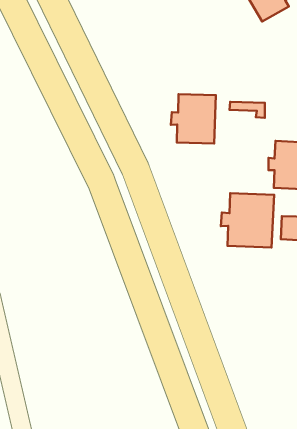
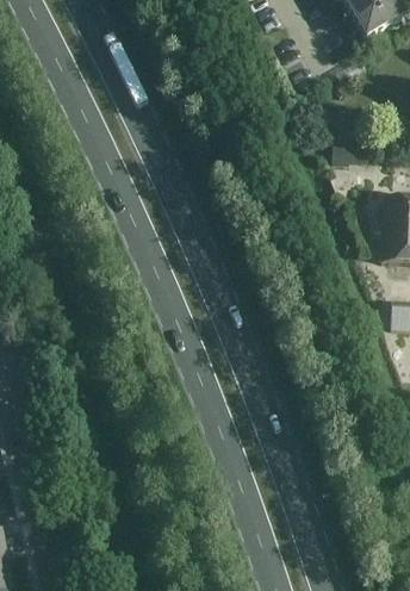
building: [171,94,216,144] -> none
building: [221,193,274,247] -> none

